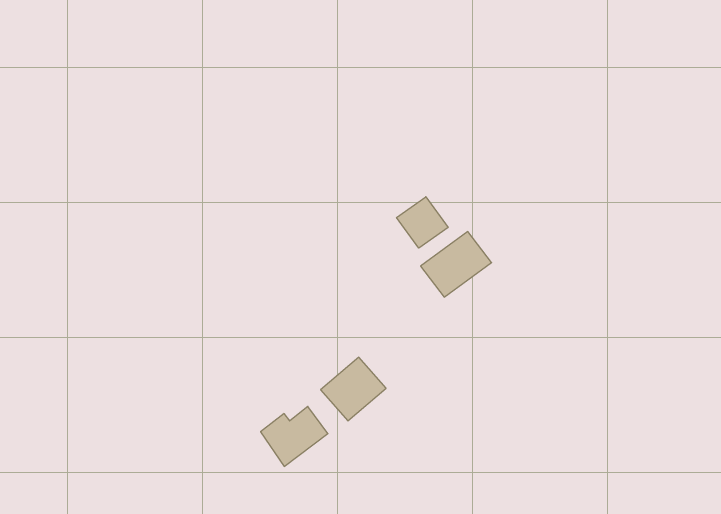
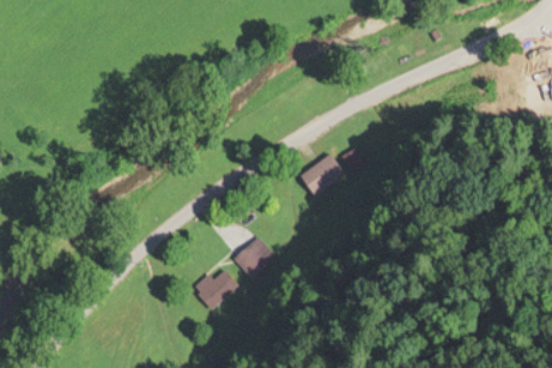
building: [397,197,448,248] -> none

